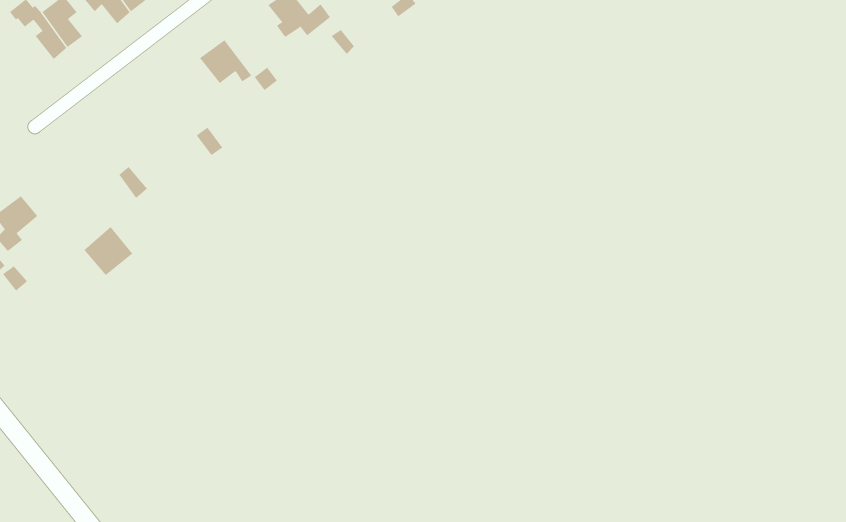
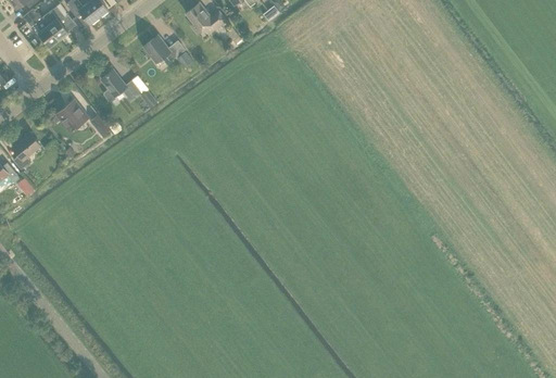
building: none -> [100,68,139,100]
building: [83,226,133,276] -> [55,99,87,130]

